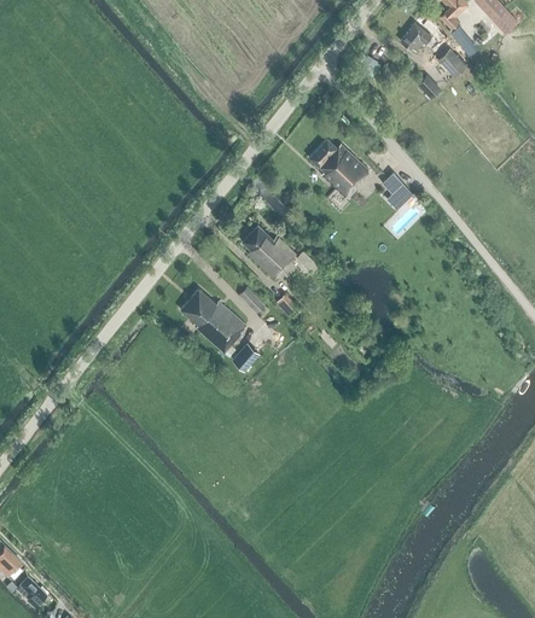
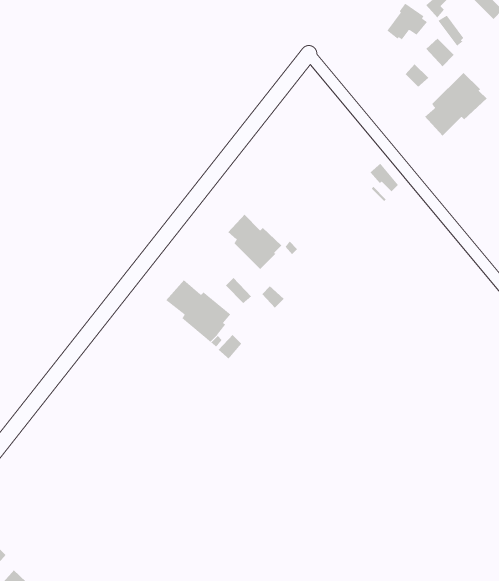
building: none -> [424,72,487,136]
building: [308,139,368,198] -> none

